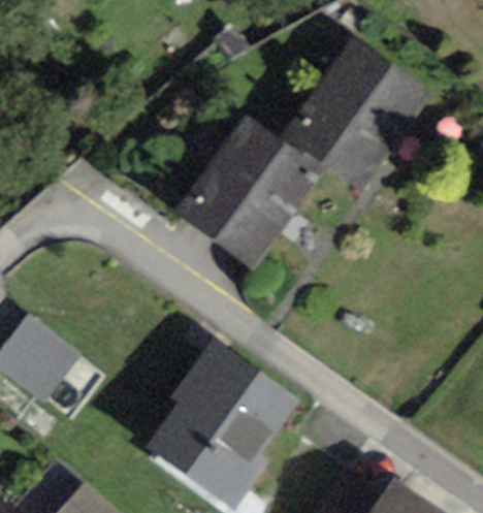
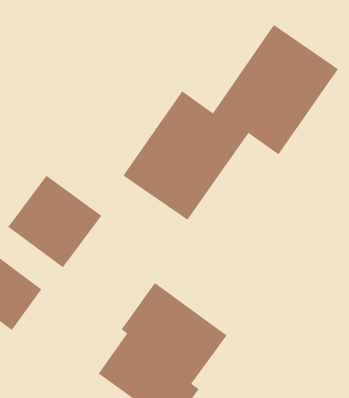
building: none -> [7,175,102,268]

